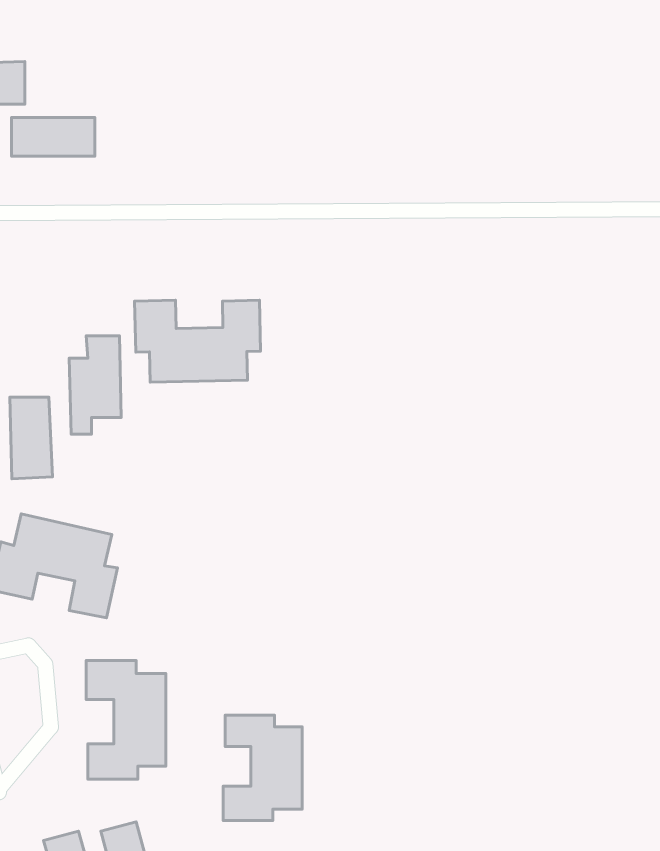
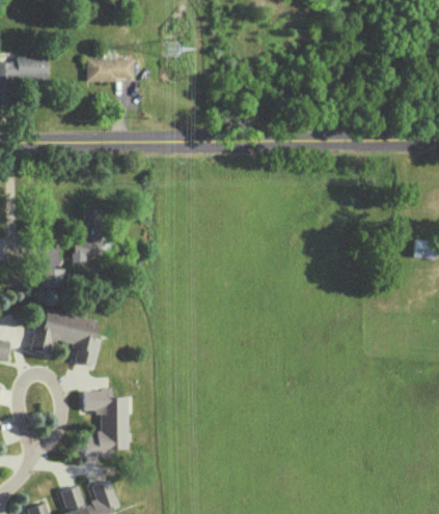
building: [11,117,95,156] -> [87,59,134,81]
building: [135,300,261,382] -> none
building: [223,715,302,821] -> none

